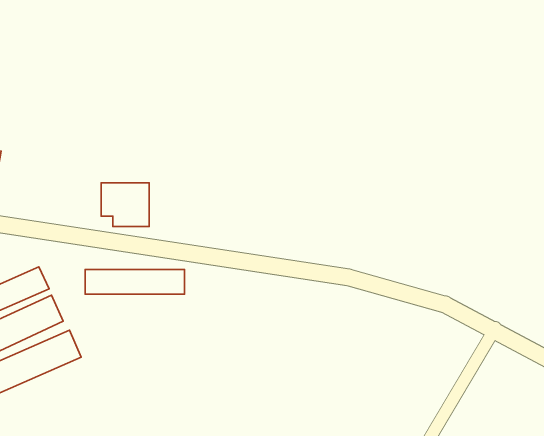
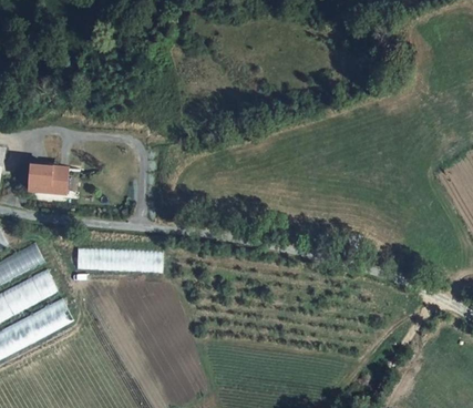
building: [101,183,149,227] -> [25,164,66,202]

